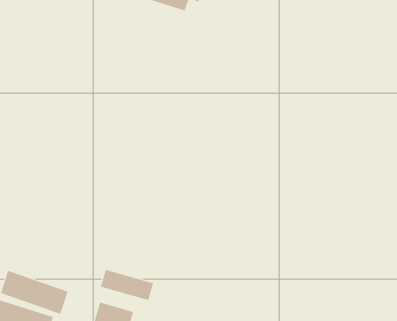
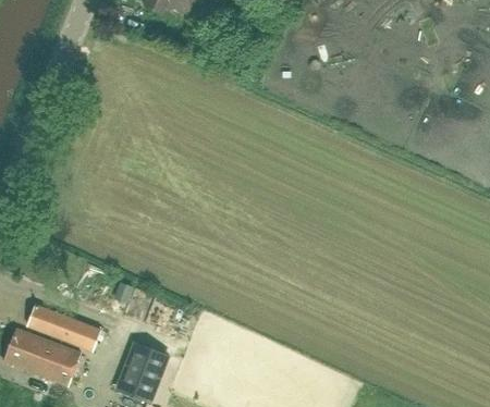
building: [100,269,154,301] -> none

